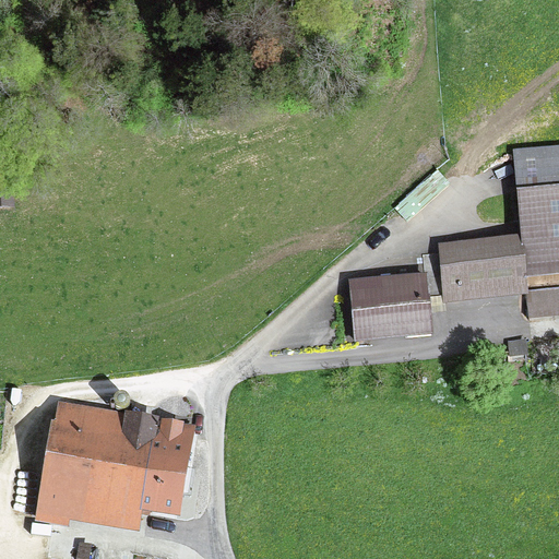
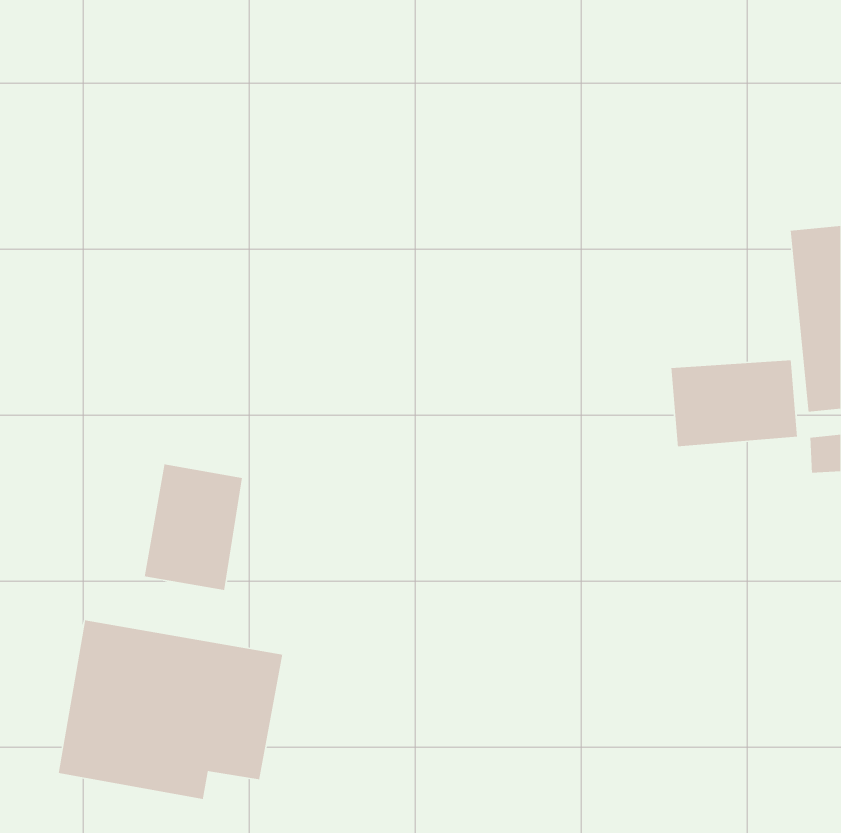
building: [350,273,433,336] -> none
building: none -> [144,463,243,591]

